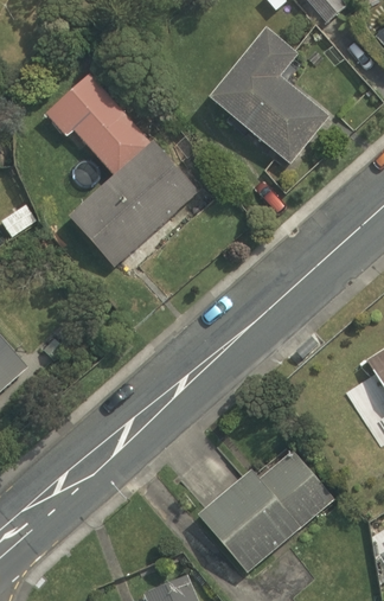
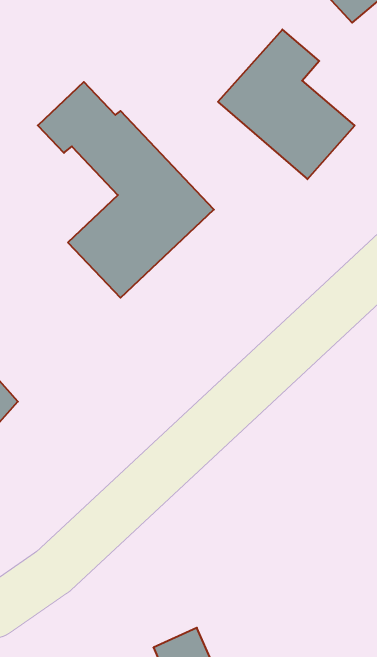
building: [203,443,339,578] -> none

